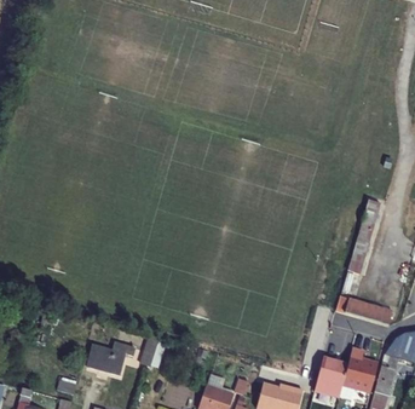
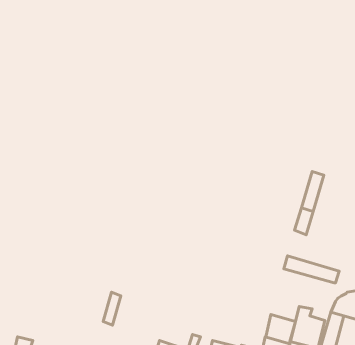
building: [87,339,137,375] -> none

